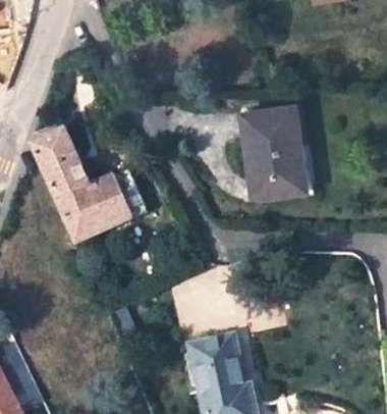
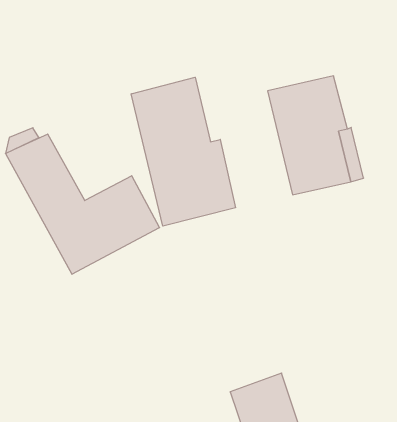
building: none -> [131,77,235,226]

